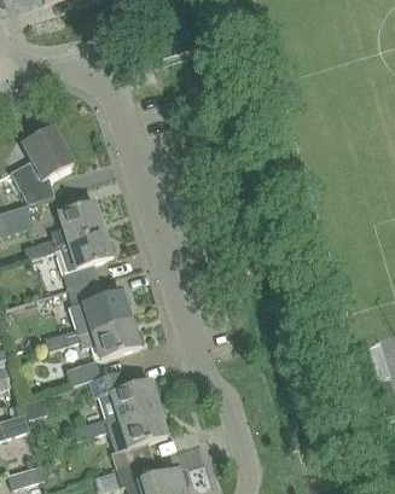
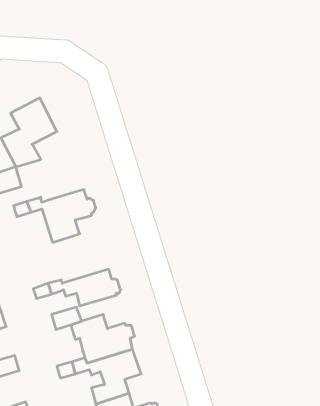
building: [50,200,103,243] -> none
building: [68,278,132,333] -> none

